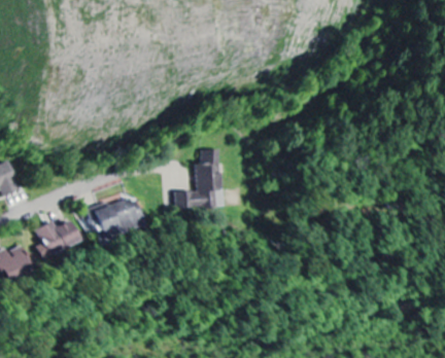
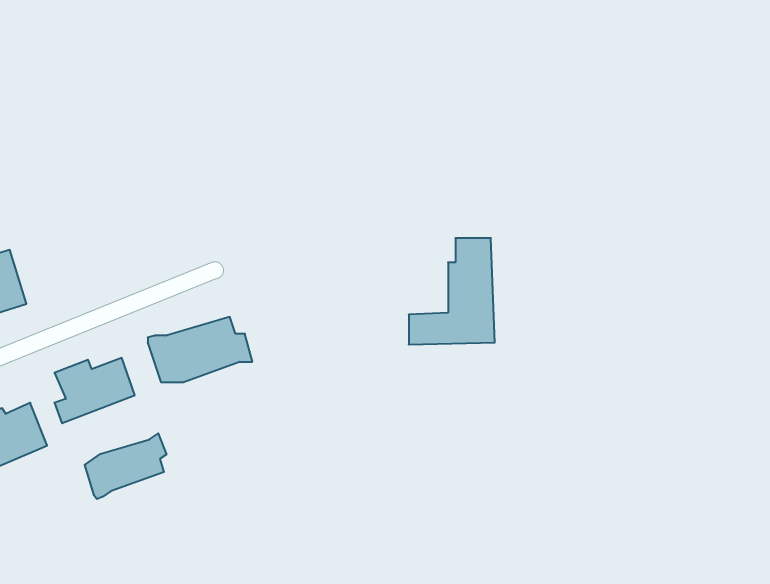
building: [176,149,224,208] -> [409,238,495,345]
building: none -> [85,433,166,499]

